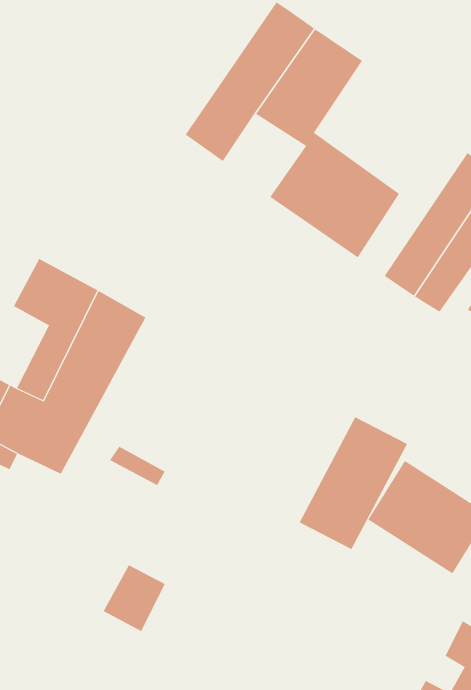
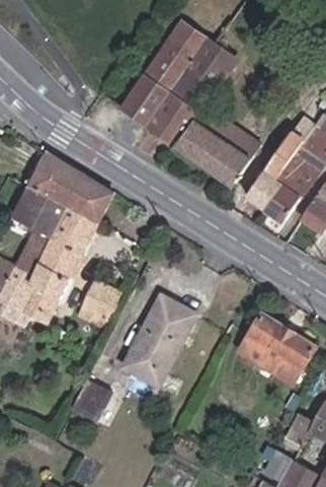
building: none -> [147,93,198,144]
building: none -> [30,154,111,222]
building: none -> [81,280,123,320]
building: [299,417,408,550] -> [125,297,193,381]

